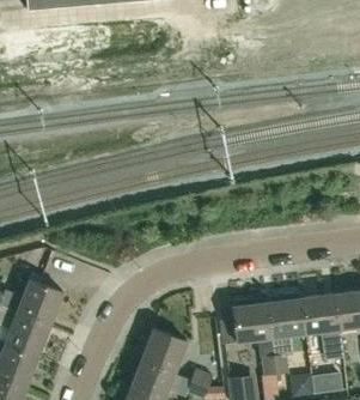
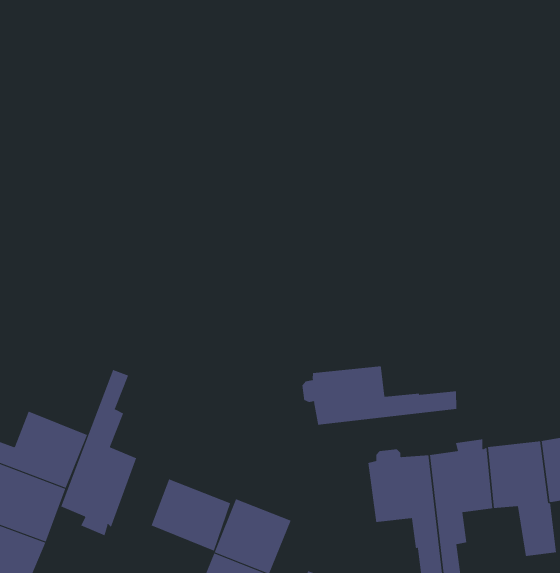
building: none -> [302,366,457,425]
building: none -> [60,369,137,536]
building: none -> [151,479,231,551]

